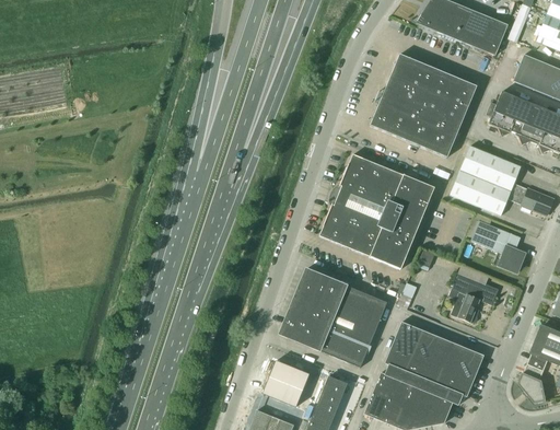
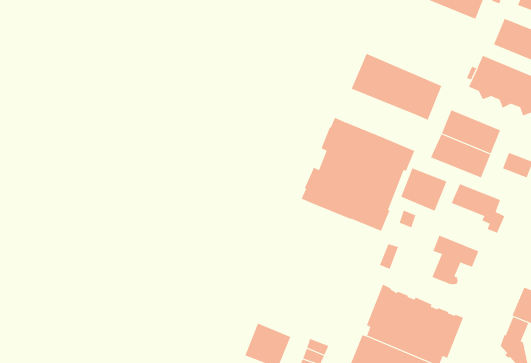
building: [385,54,477,121] -> none
building: none -> [401,167,447,211]
building: [279,268,387,367] -> none

